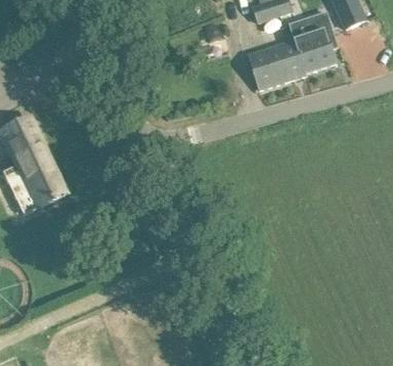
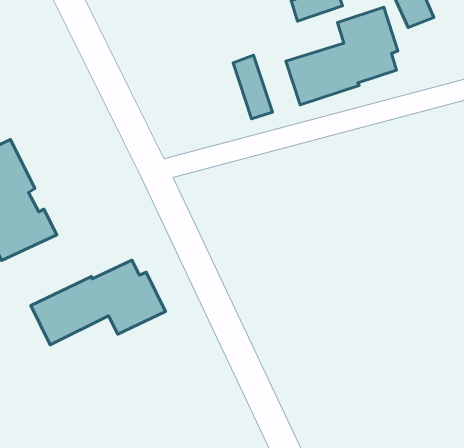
building: none -> [233,55,273,119]
building: none -> [31,260,165,345]

